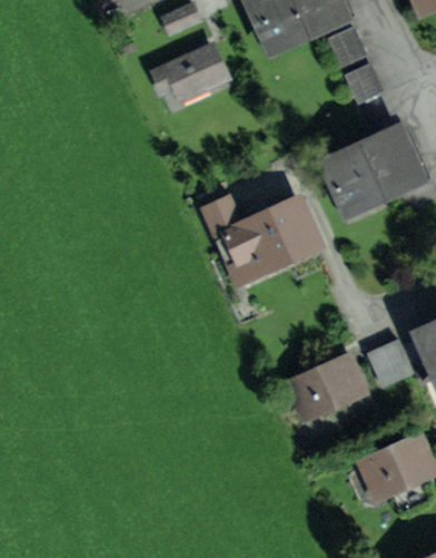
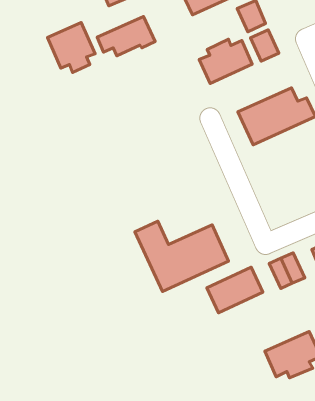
building: none -> [48,23,95,73]
building: none -> [199,39,252,83]
building: [199,196,316,284] -> [135,221,228,292]

